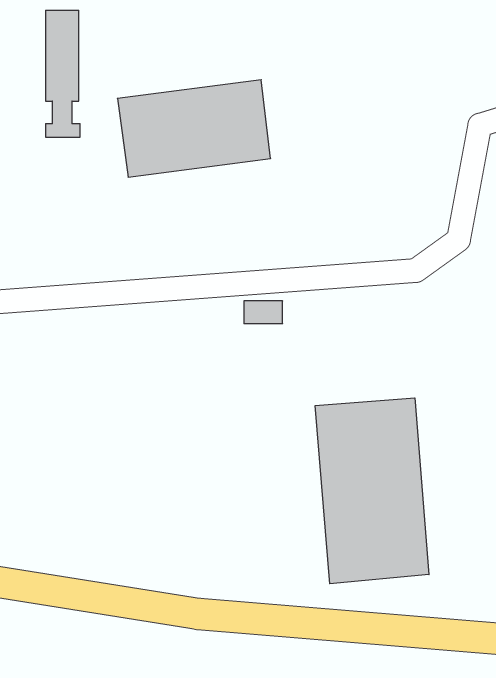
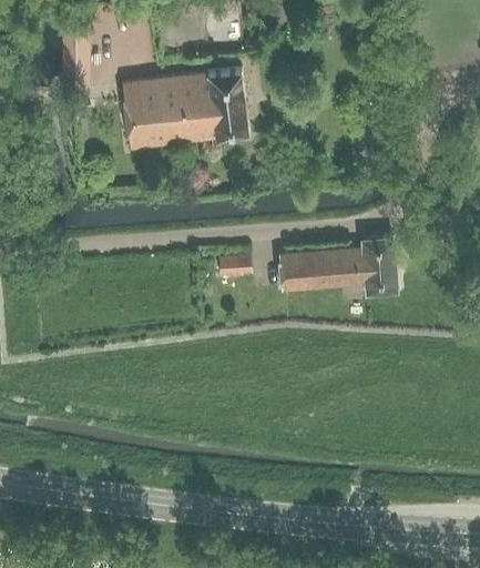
building: none -> [278,237,396,295]
building: [315,398,429,584] -> none

